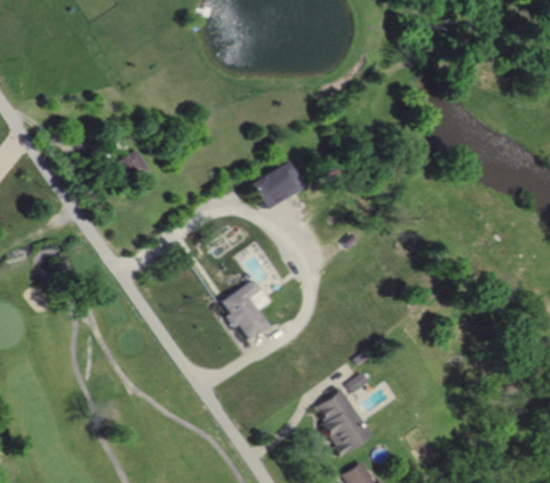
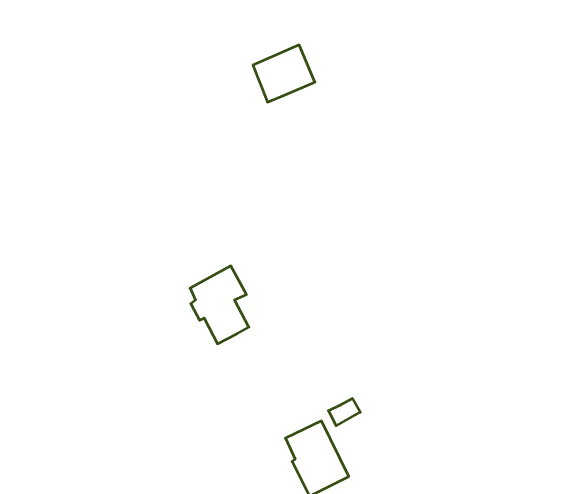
building: [121,149,150,180] -> none
building: [253,160,303,208] -> [253,45,315,102]

